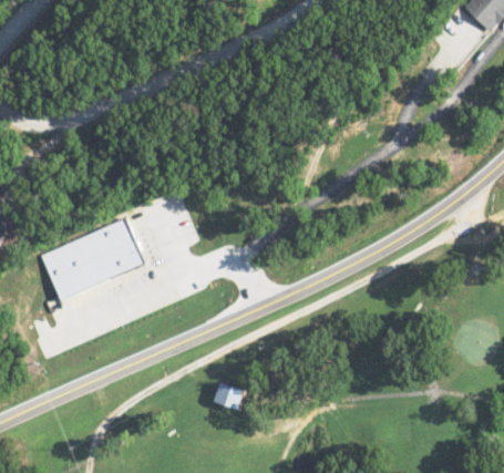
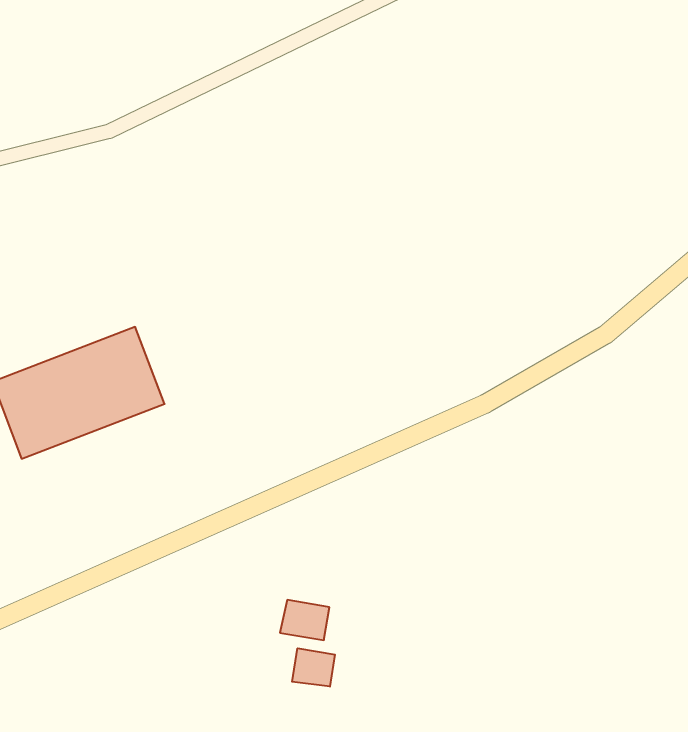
building: none -> [292,648,335,687]

